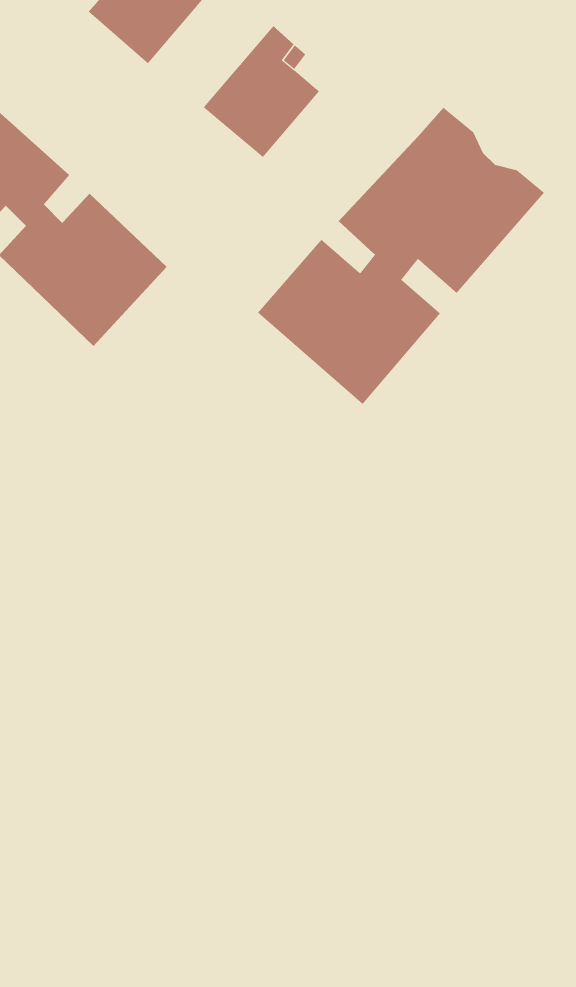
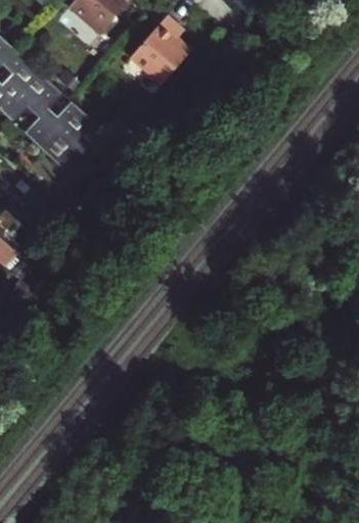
building: [257,107,545,405] -> none

